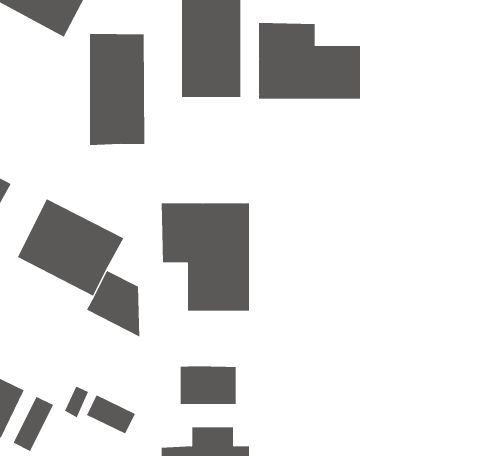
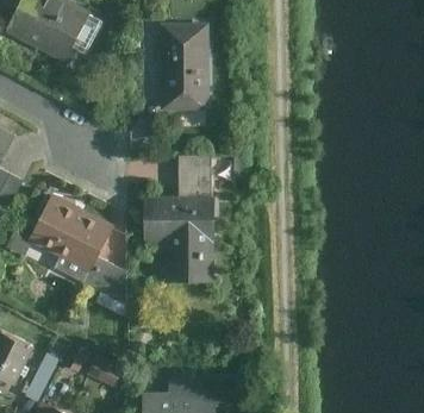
building: [259,22,361,100] -> none
building: [90,33,145,146] -> none
building: none -> [179,155,212,195]
building: [180,365,236,405] -> none

